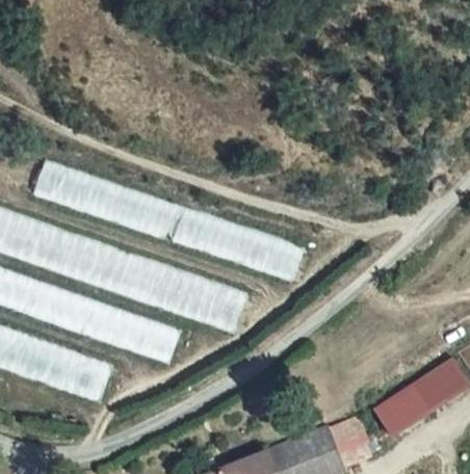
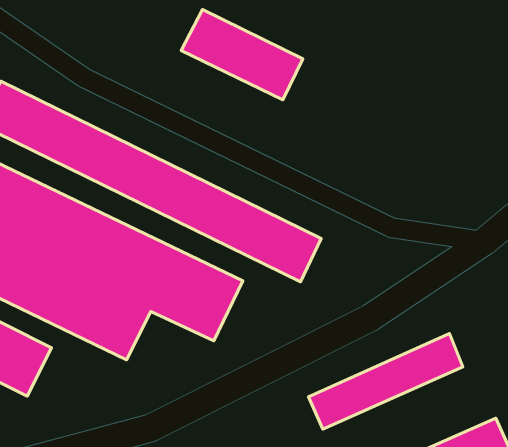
building: none -> [181,10,303,100]
building: none -> [308,334,463,429]

